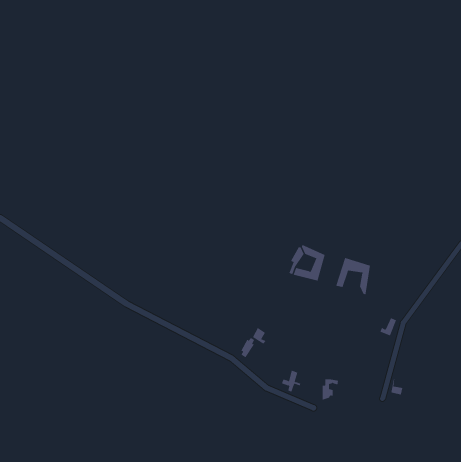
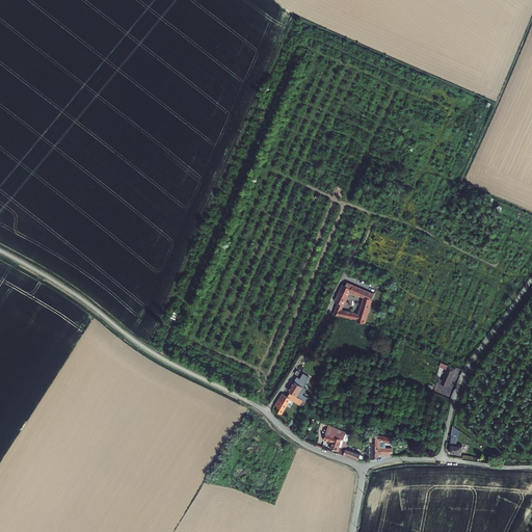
building: [335,257,371,295] -> none

